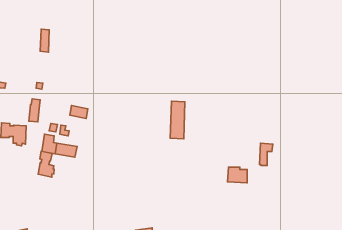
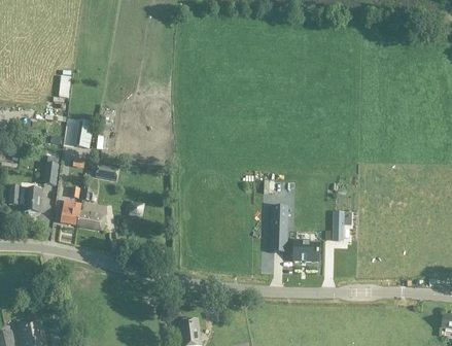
building: none -> [72,119,92,147]
building: [170,101,185,139] -> [271,204,289,251]
building: [38,151,54,177] -> none

